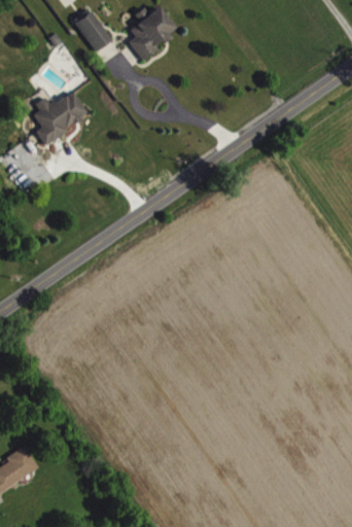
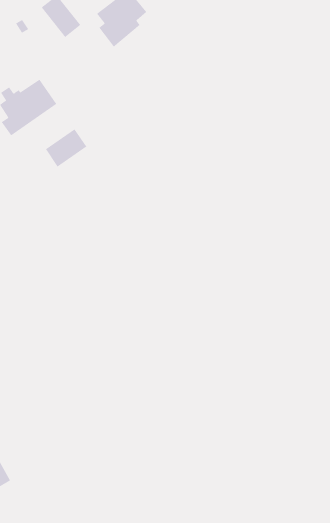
building: none -> [45,128,87,167]

